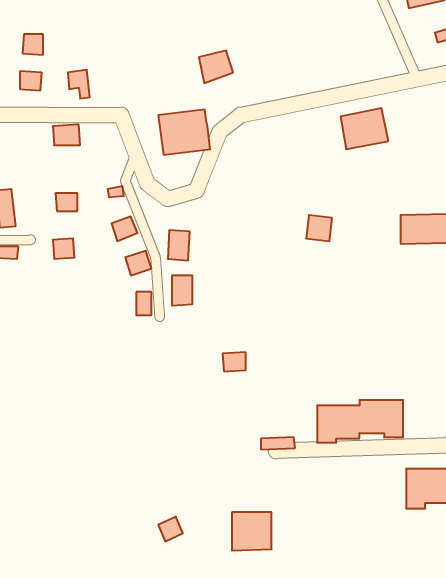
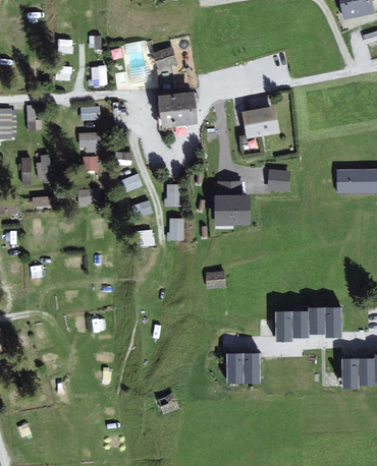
building: [199,50,233,83] -> [152,46,177,70]
building: [341,108,388,149] -> [244,107,279,137]
building: none -> [78,130,102,149]
building: none -> [214,183,249,225]
building: [232,512,272,551] -> [227,354,257,383]

